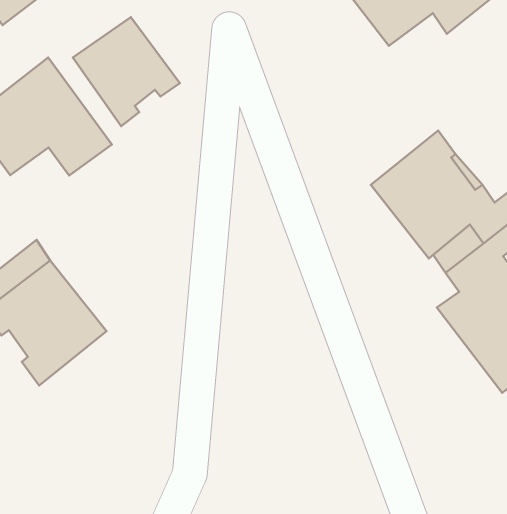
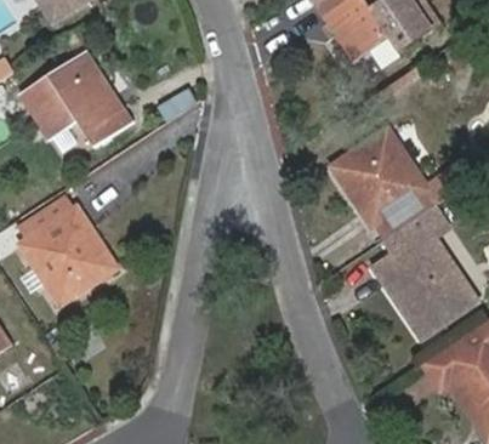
building: [73,17,180,126] -> none

